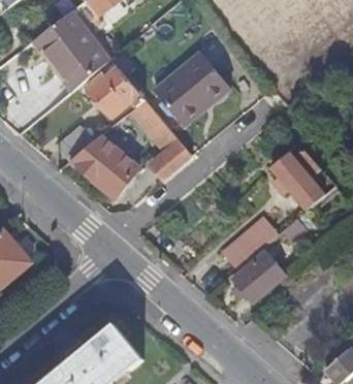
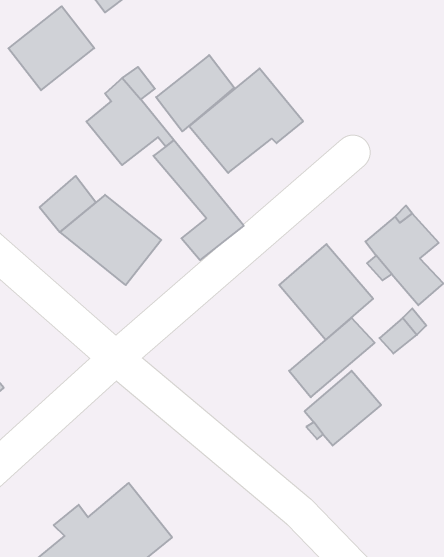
building: [57,39,108,90] -> [156,55,234,131]
building: none -> [279,244,373,340]

